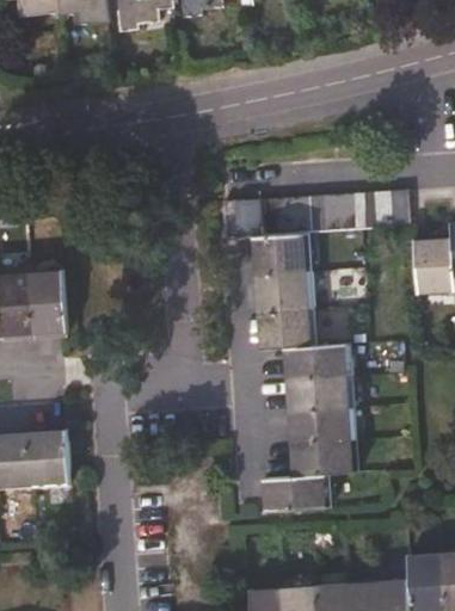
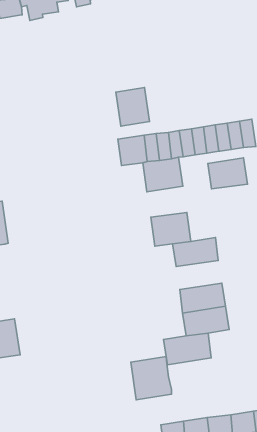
building: none -> [116,88,150,126]
building: [258,271,309,309] -> [208,158,248,189]
building: [289,375,349,409] -> none
building: none -> [131,356,172,400]

